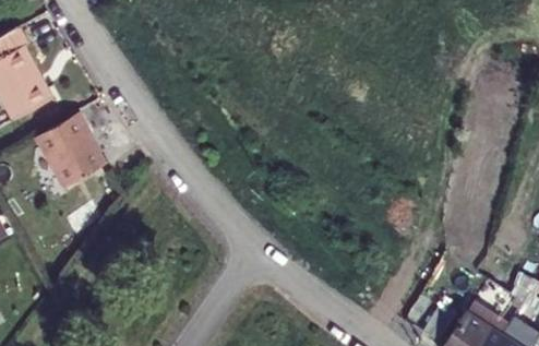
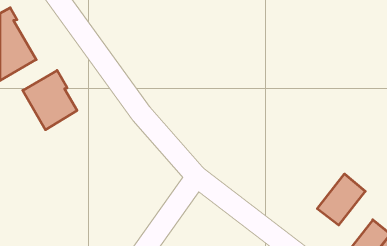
building: none -> [317,174,365,225]

